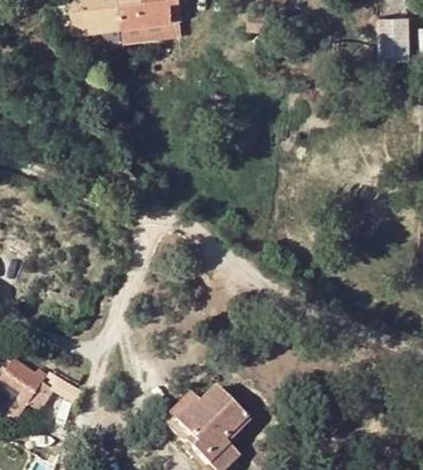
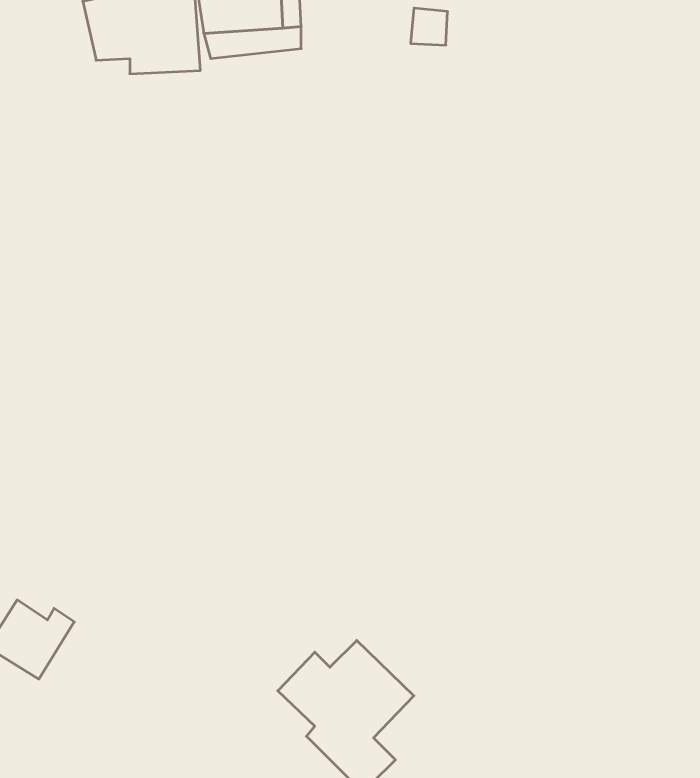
building: [378,12,412,54] -> none

